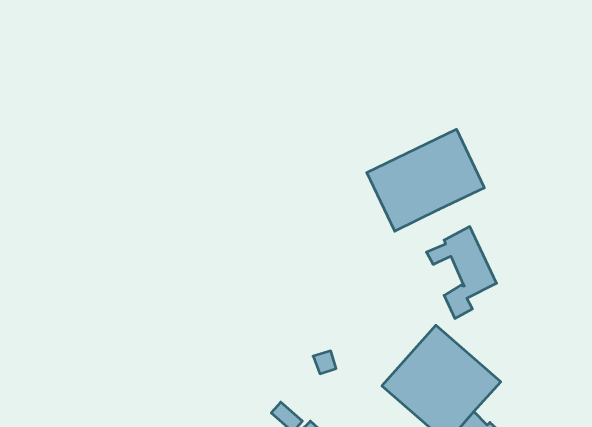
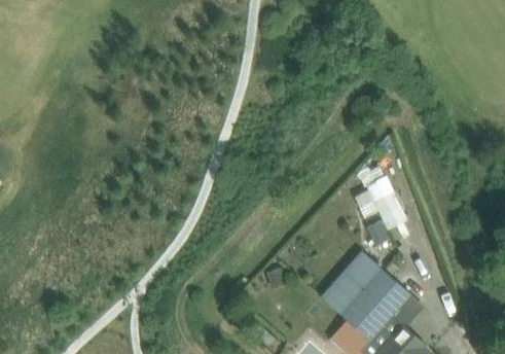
building: [367,129,484,231] -> none

